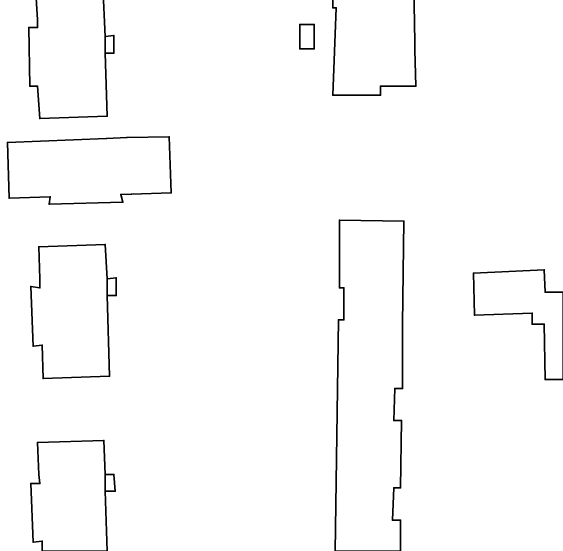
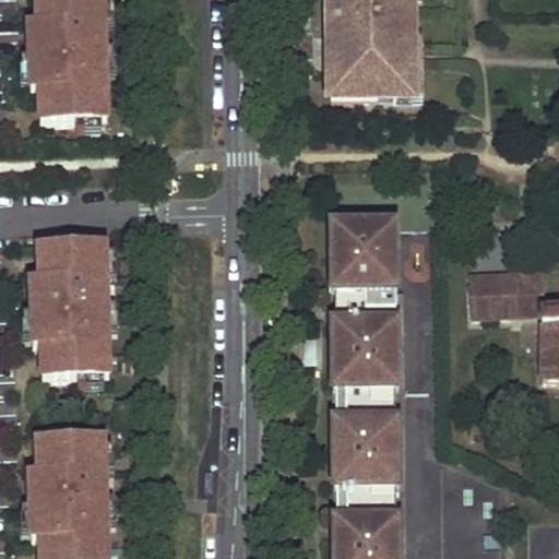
building: [7,137,171,204] -> none

